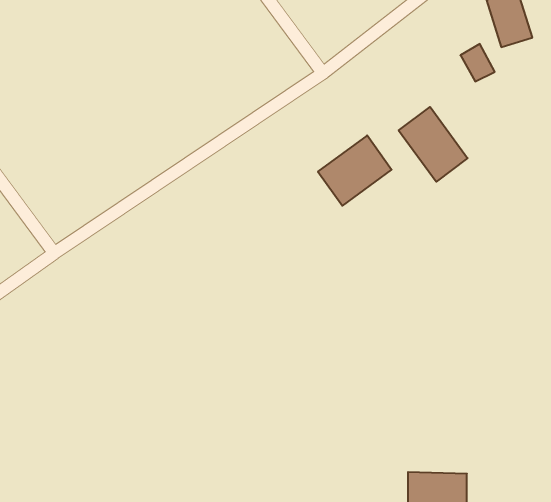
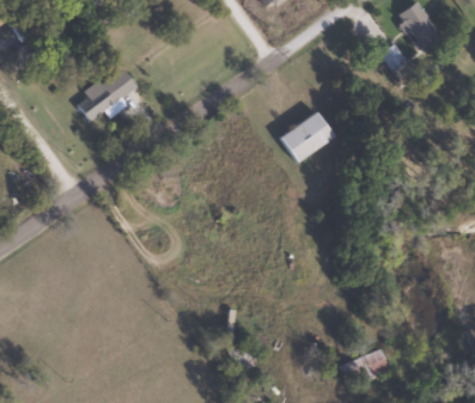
building: none -> [79,69,138,117]
building: [399,107,468,182] -> none

